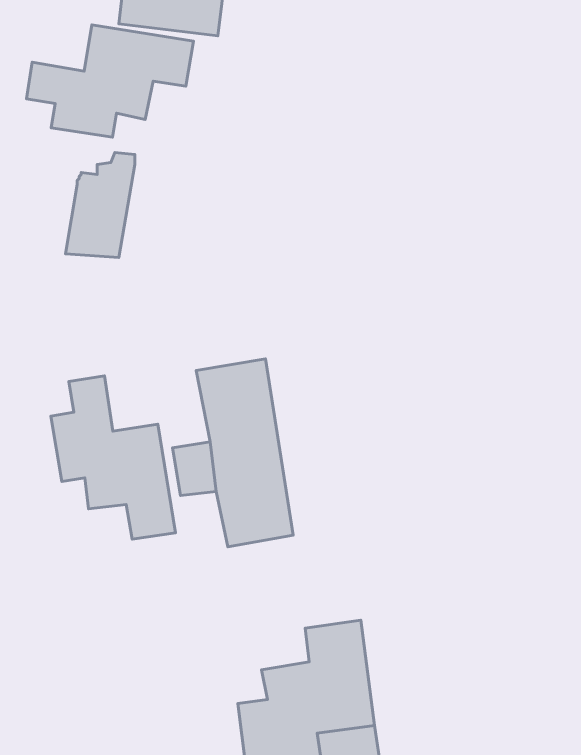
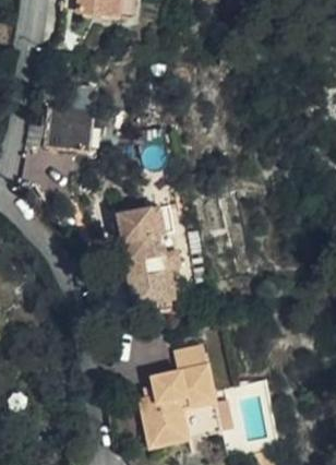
building: [26,25,194,137] -> none
building: [51,376,176,539] -> none

